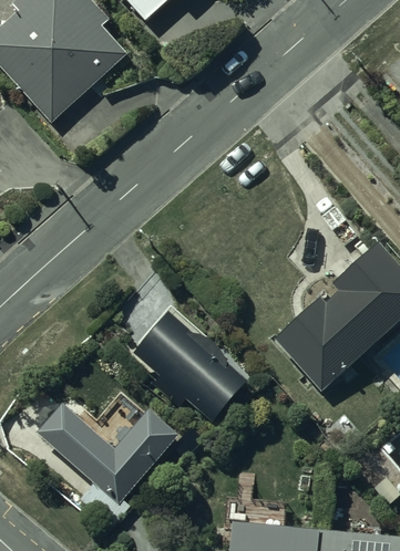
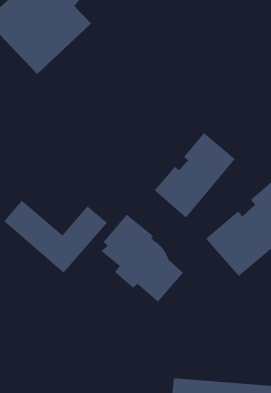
building: none -> [154,132,235,218]
building: [38,403,177,501] -> [3,200,108,273]

